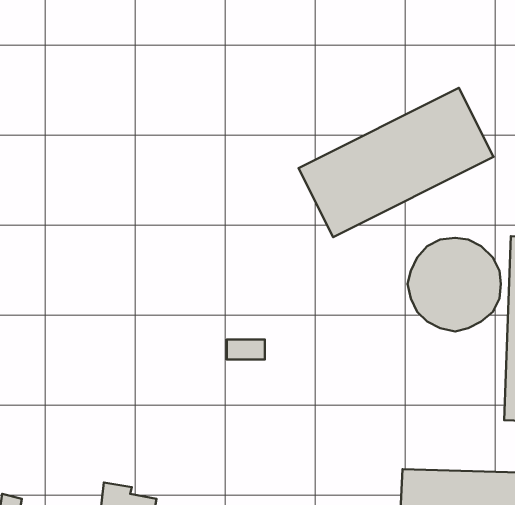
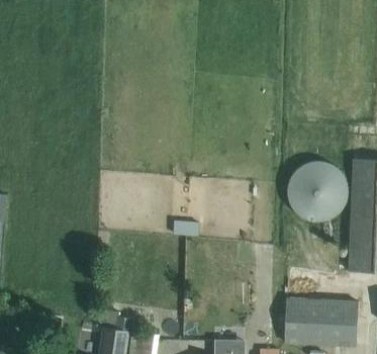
building: [298,88,494,237] -> none

